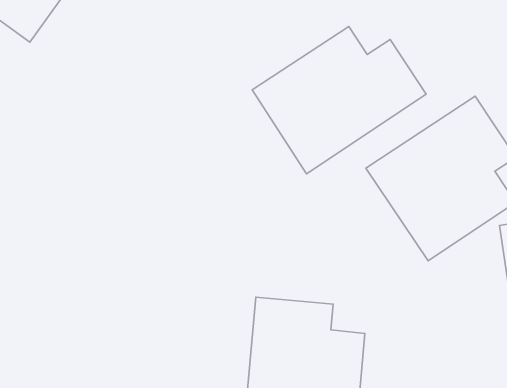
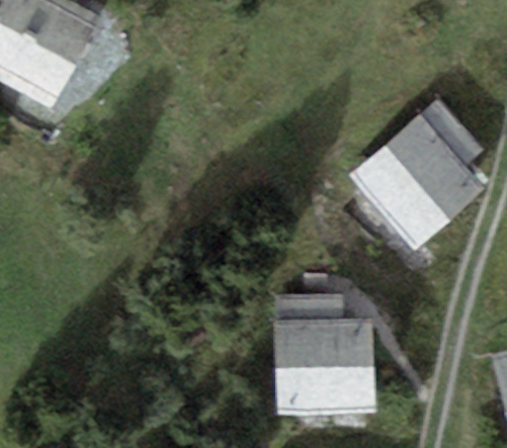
building: [252,26,426,174] -> none

